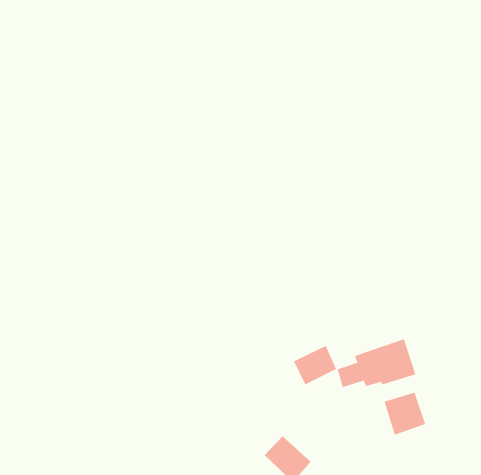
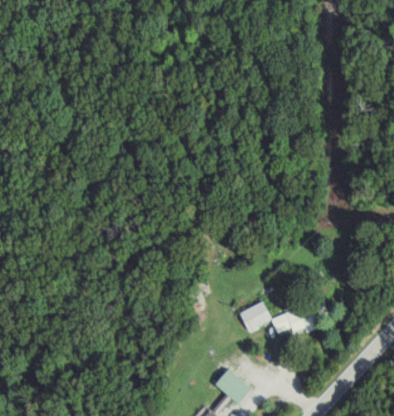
building: [384,392,426,436] -> none

